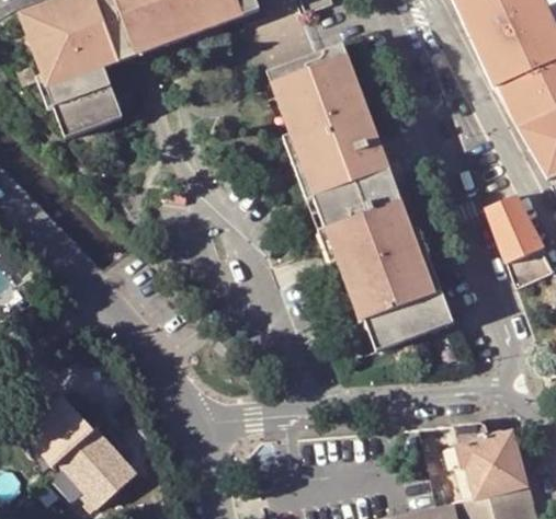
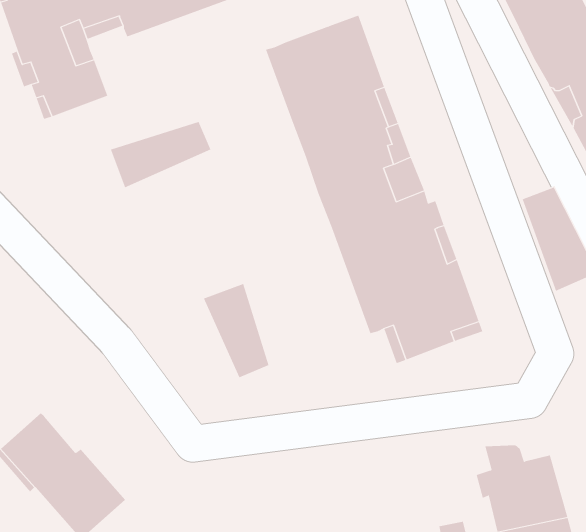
building: none -> [110,121,211,188]
building: none -> [203,283,269,378]

